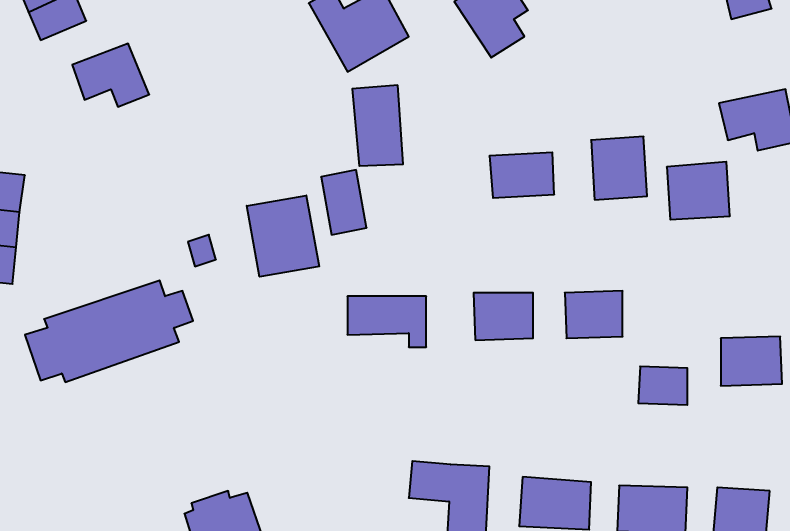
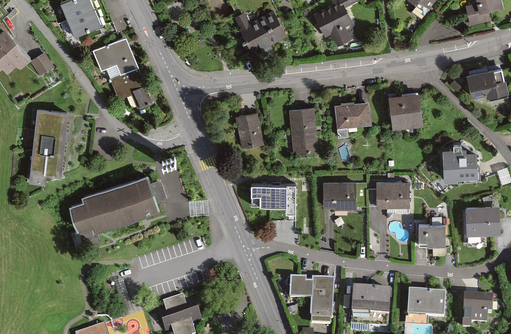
building: [352,85,403,166] -> [289,106,318,152]
building: none -> [112,68,151,107]
building: [667,162,730,220] -> [440,147,476,180]
building: [247,195,319,277] -> none

